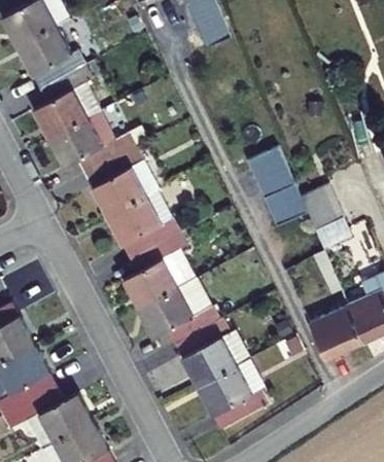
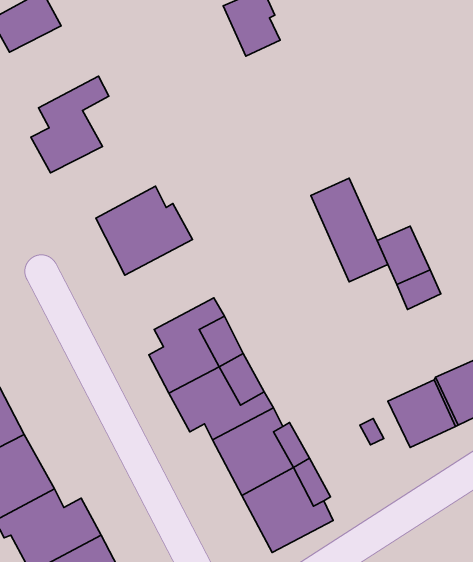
building: [18,25,86,88] -> none
building: [49,118,131,174] -> none
building: [107,190,176,260] -> none

